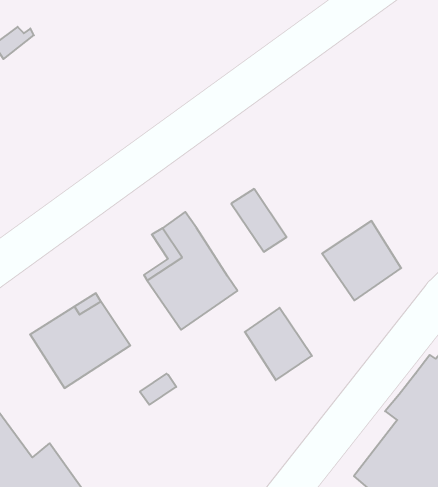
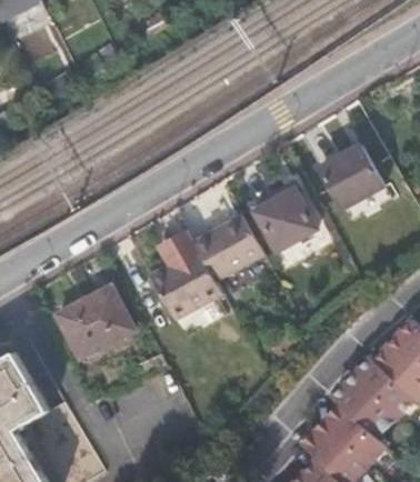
building: none -> [318,143,381,207]
building: [322,221,401,300] -> [253,187,314,248]
building: [245,308,312,380] -> [193,224,244,281]

